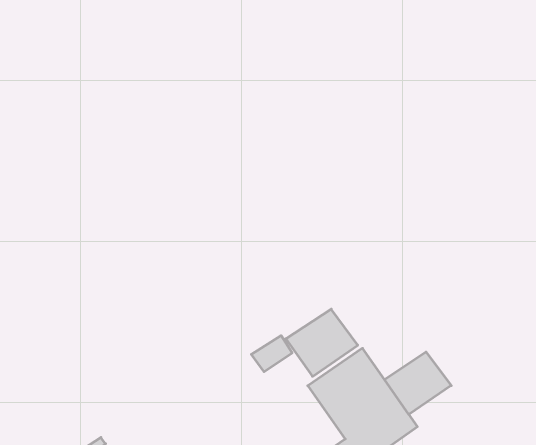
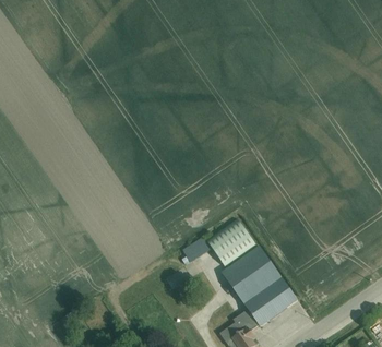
building: [385,352,451,415] -> none

